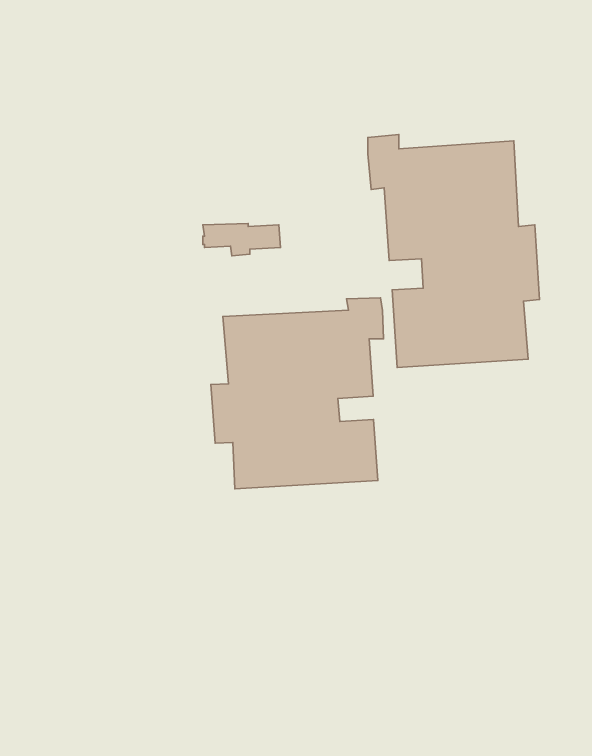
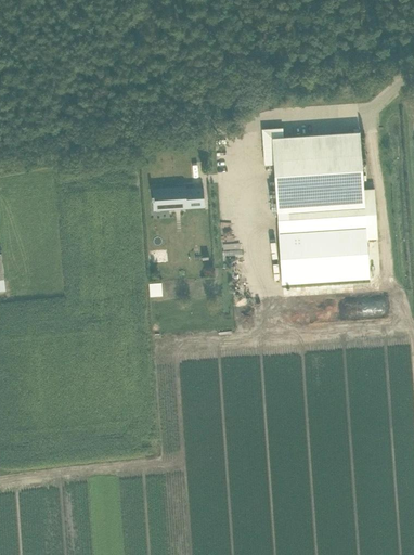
building: [211,298,383,489] -> none

